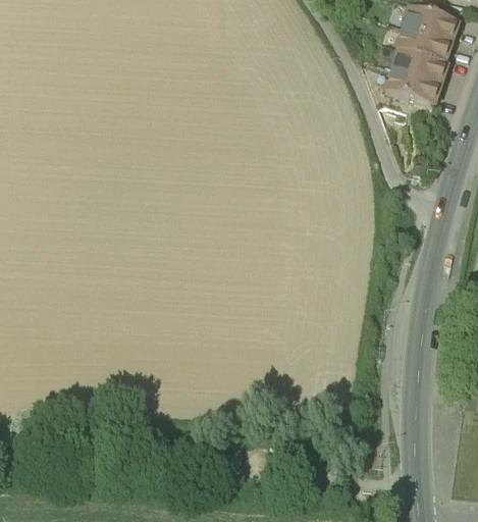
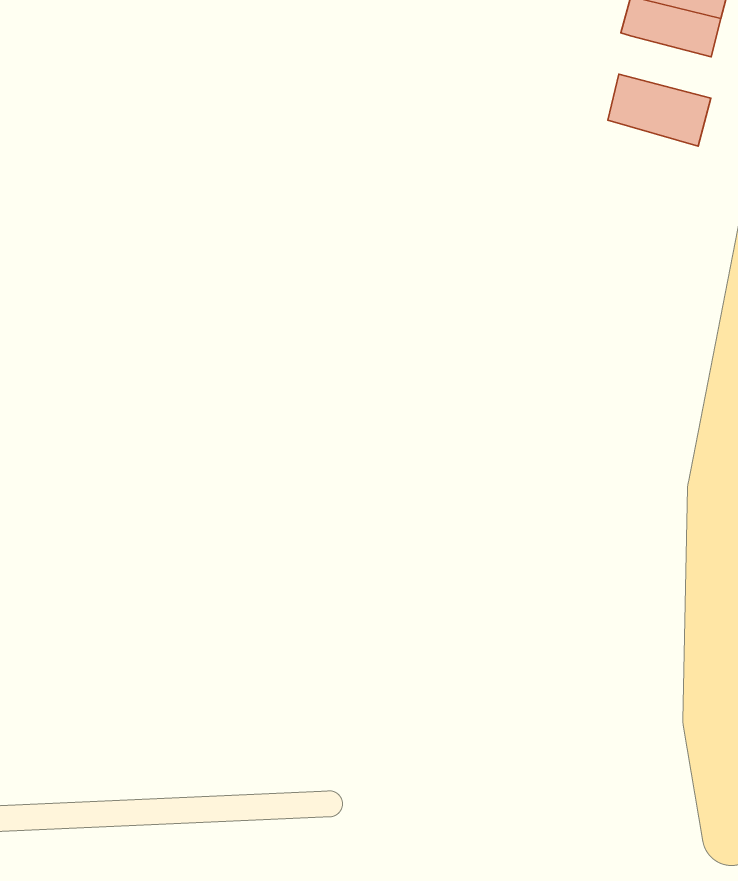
building: [391,49,447,87] -> none

